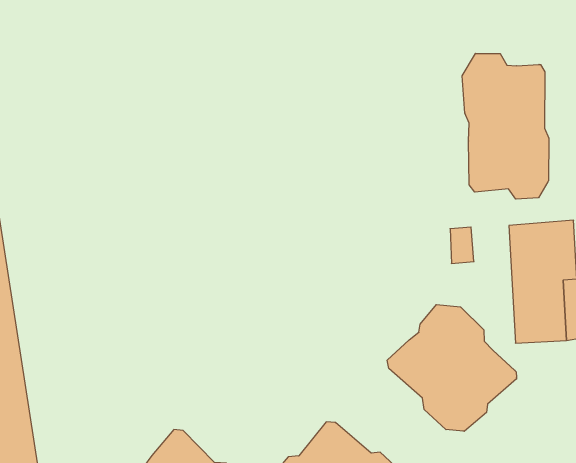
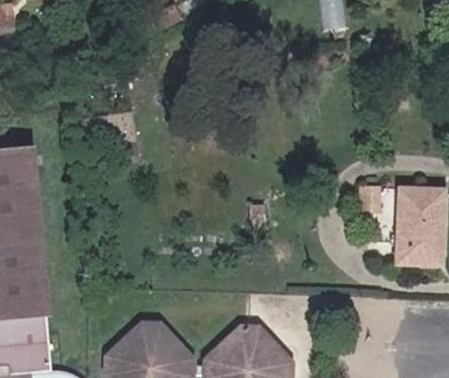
building: [462,53,549,199] -> none
building: [387,305,517,431] -> none

